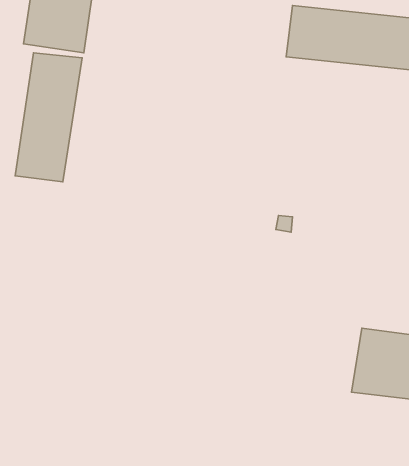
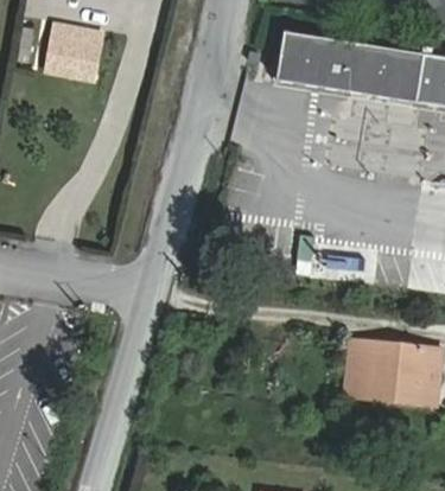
building: [15,53,82,182] -> none

